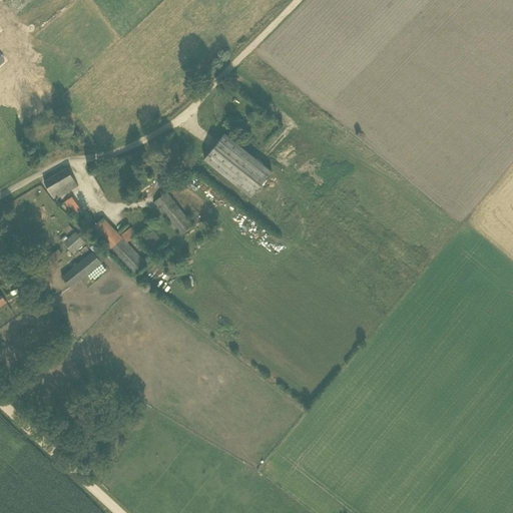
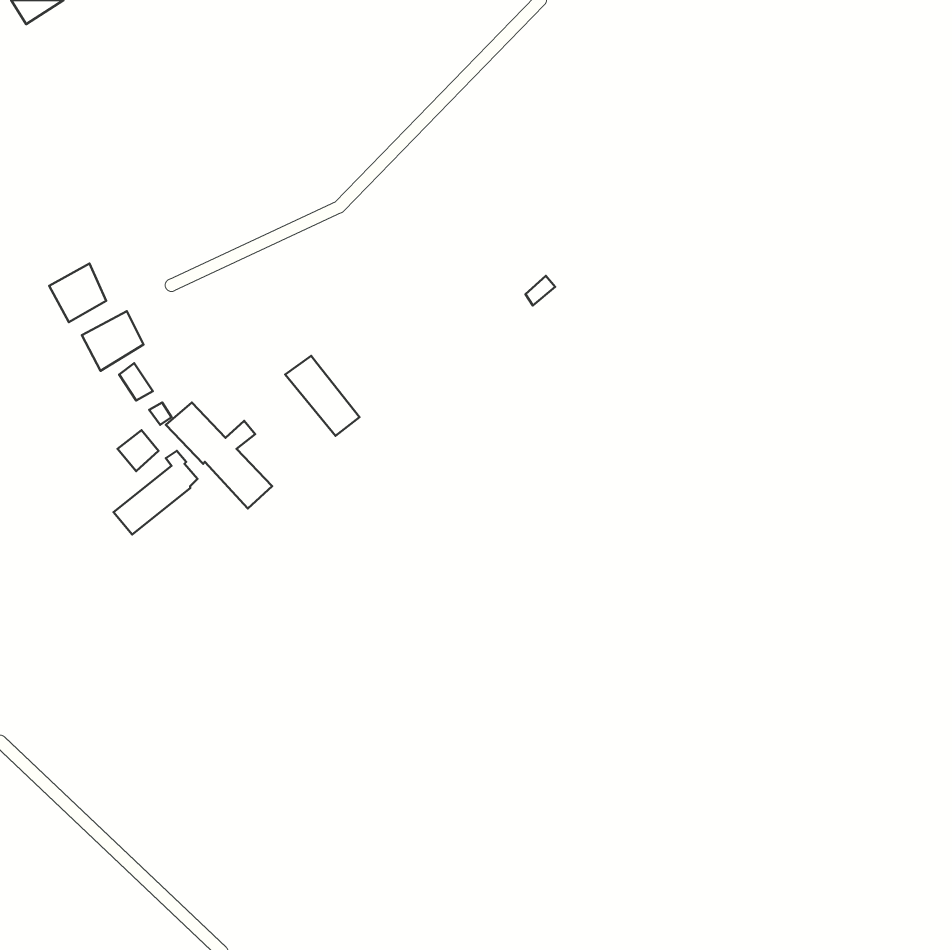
building: [204,133,273,197] -> none
building: none -> [49,264,106,322]

